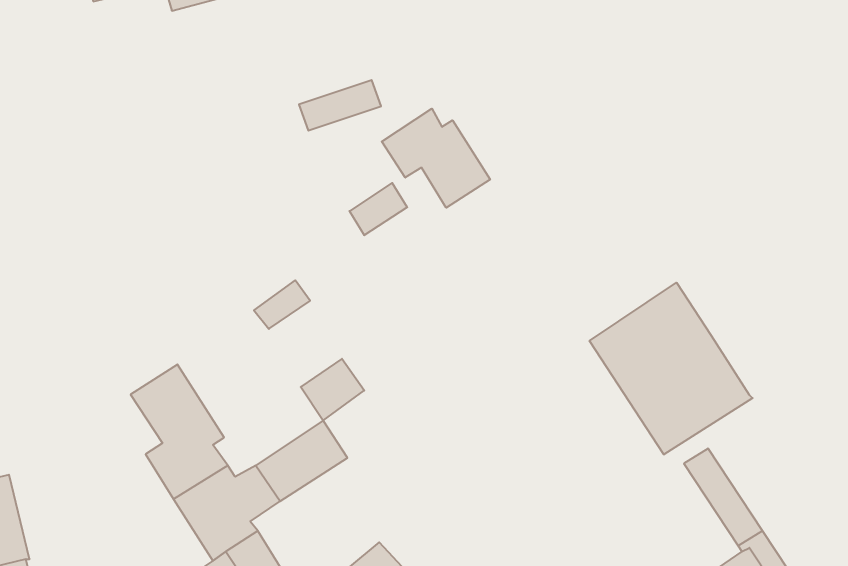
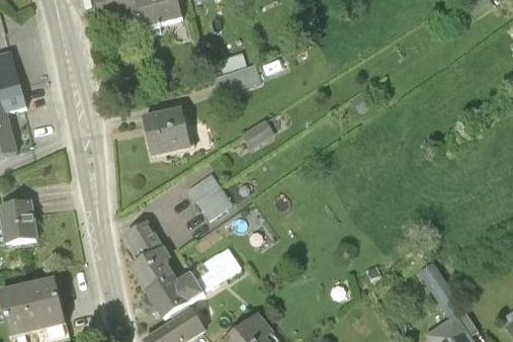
building: [382,109,490,208] -> none
building: none -> [142,107,188,153]
building: [590,283,753,455] -> none
building: [301,359,364,421] -> [196,182,231,216]

